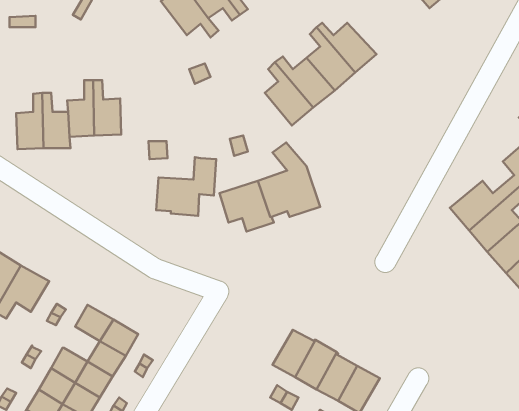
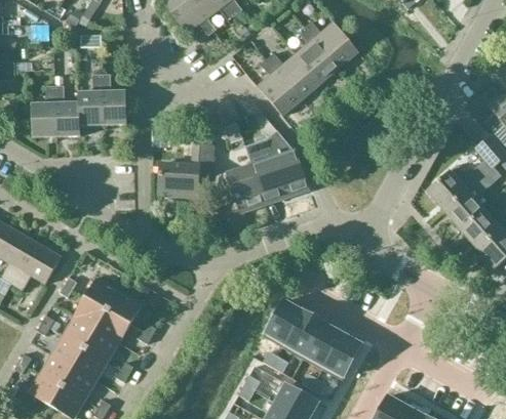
building: none -> [72,297,107,329]

